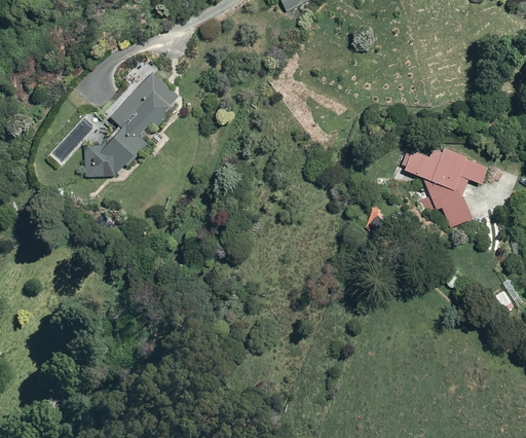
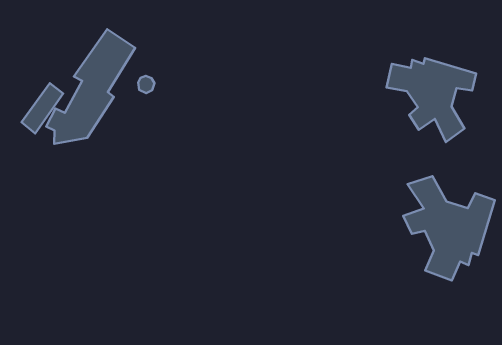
building: none -> [403,176,495,281]

